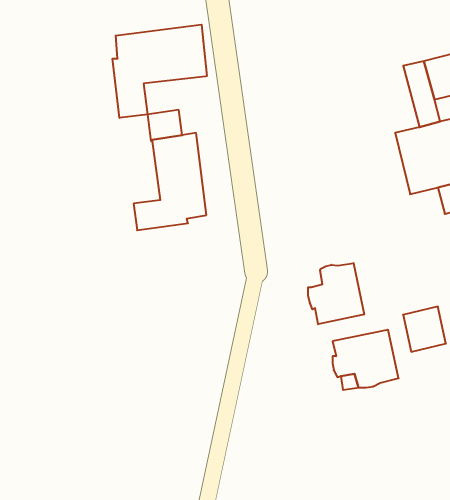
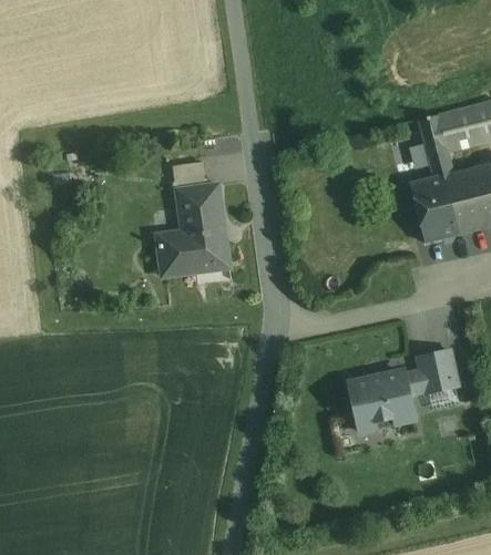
building: [113,25,207,118] -> none
building: [308,263,364,324] -> none

